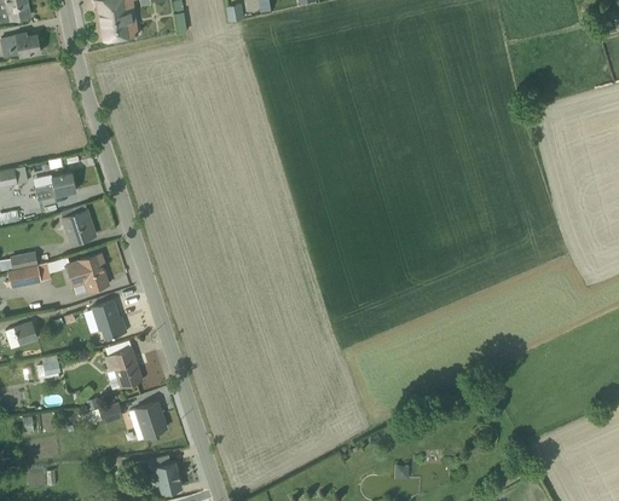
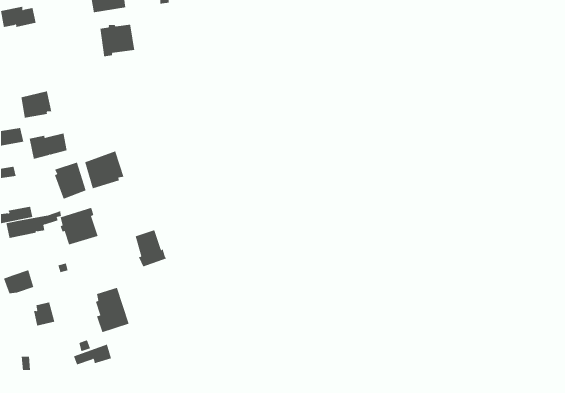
building: none -> [100,24,135,57]
building: none -> [21,90,52,119]
building: none -> [85,151,124,189]
building: [92,299,127,340] -> [135,230,167,267]
building: [129,401,167,438] -> none

